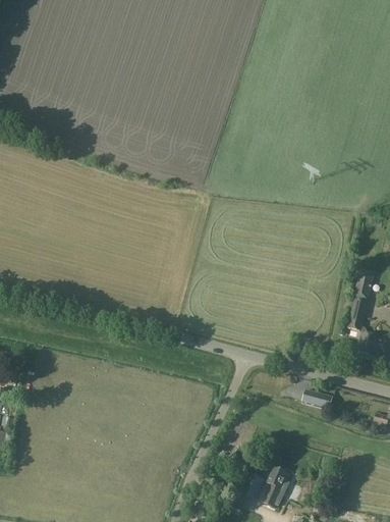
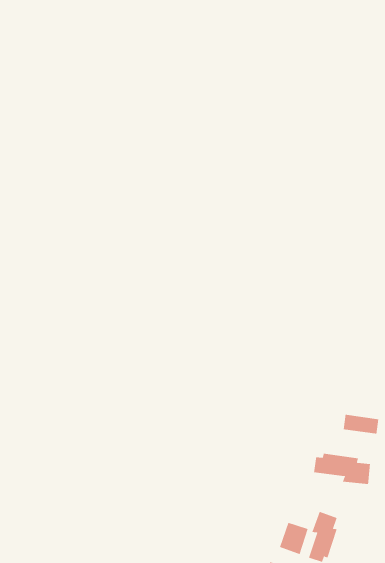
building: none -> [314,453,371,485]

